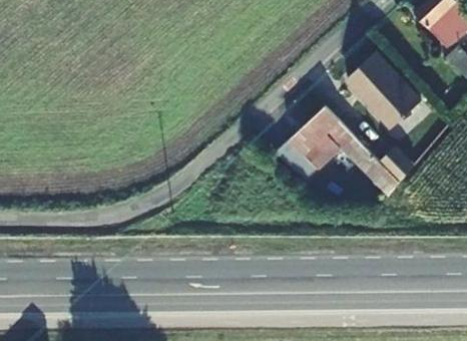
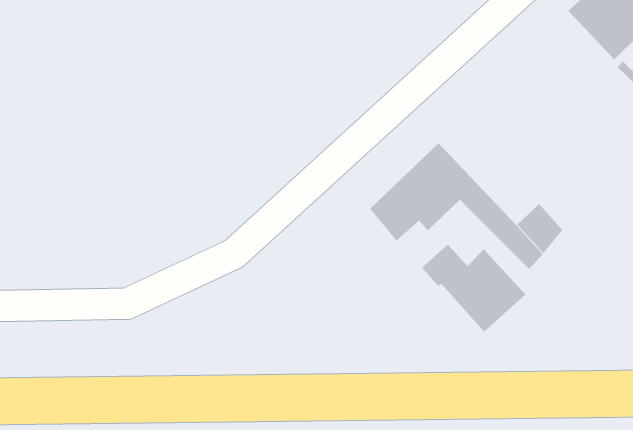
building: [349,55,419,127] -> none
building: none -> [421,244,526,333]

